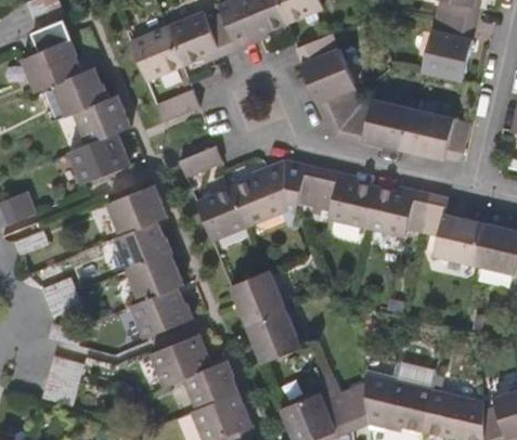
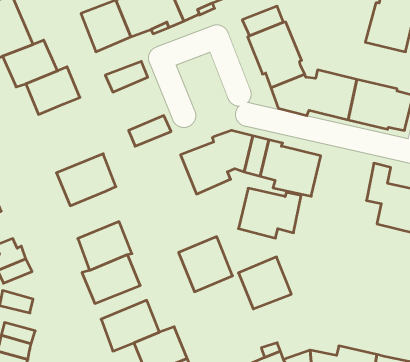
building: [67,133,127,184] -> none
building: [195,185,248,240] -> none
building: [365,186,429,237] -> [238,188,301,238]
building: [114,222,169,271] -> none
building: [246,309,300,362] -> [238,257,291,309]

